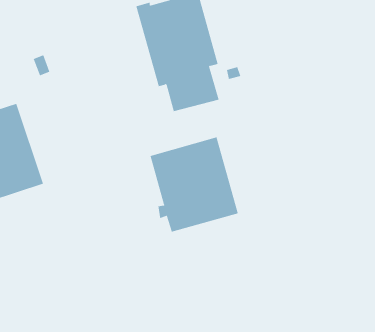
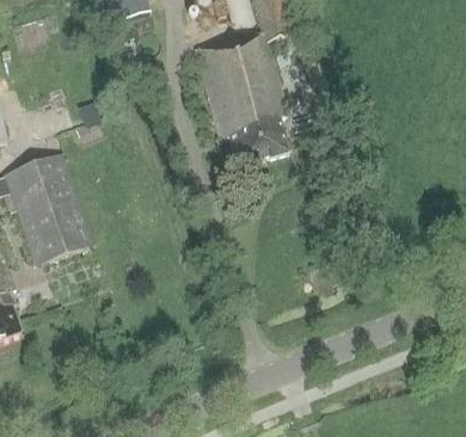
building: [150,137,238,233] -> none

